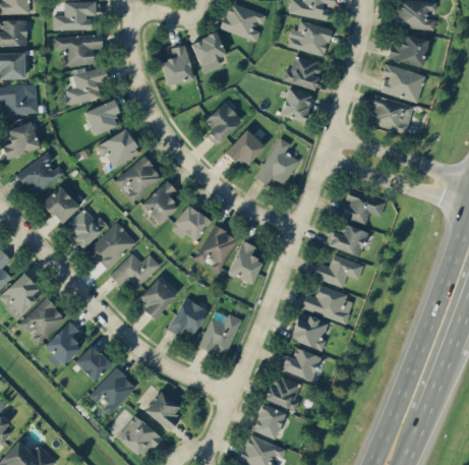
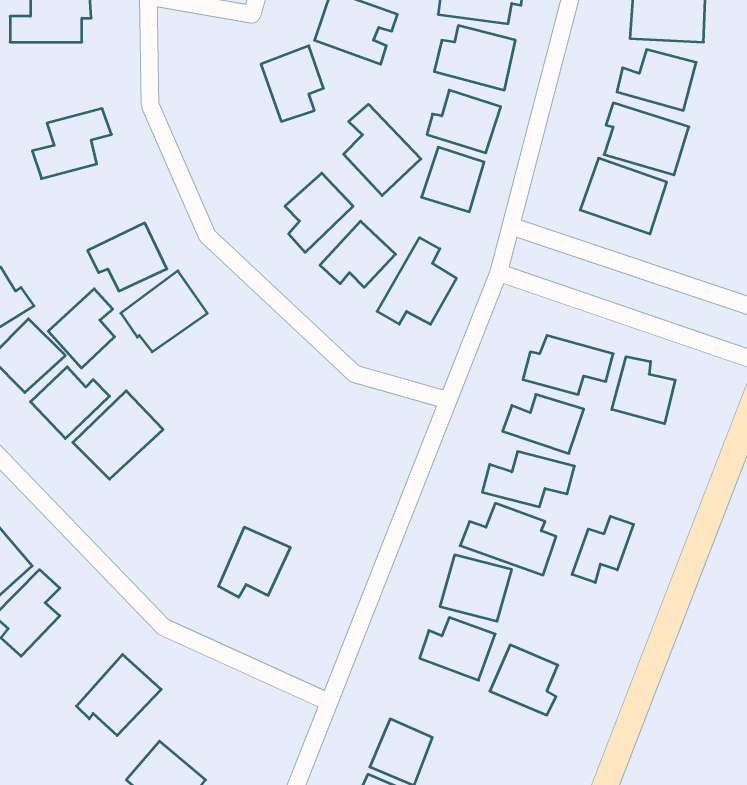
building: [54,35,104,65] -> none
building: [162,45,193,84] -> none
building: none -> [344,104,421,196]
building: [83,99,120,135] -> none
building: [141,180,178,224] -> [48,289,115,368]
building: none -> [612,357,675,424]
building: [170,205,210,240] -> none
building: [194,225,237,273] -> none
building: [228,240,263,284] -> none
building: [109,253,160,287] -> none
building: [139,278,176,319] -> none
building: none -> [572,516,634,583]
building: [198,313,242,355] -> none
building: [74,344,111,382] -> none
building: [263,373,301,412] -> [490,645,558,715]
building: [144,391,179,431] -> none

